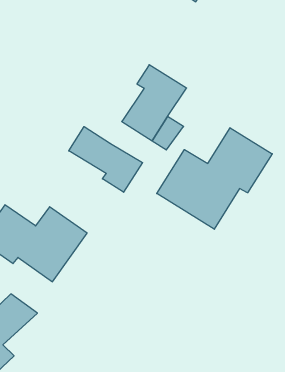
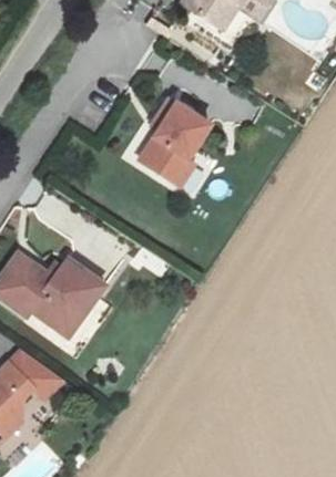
building: [69,127,143,192] -> none
building: [157,128,272,229] -> none

